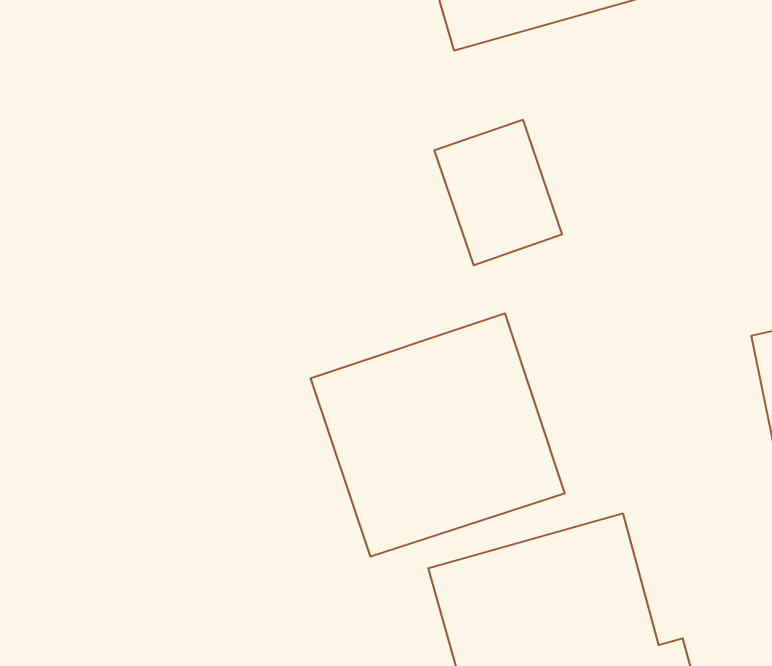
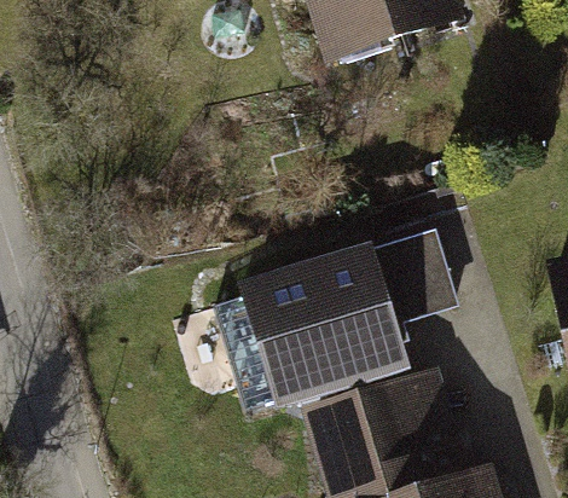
building: [434,120,562,265] -> [381,227,471,330]

